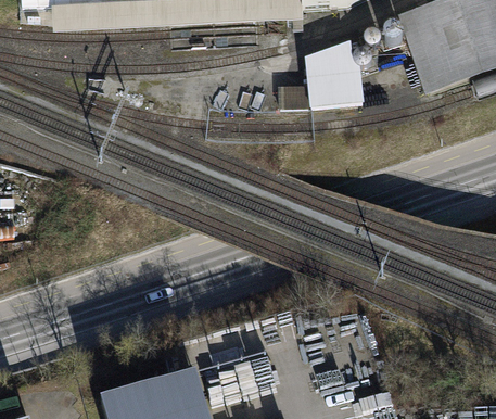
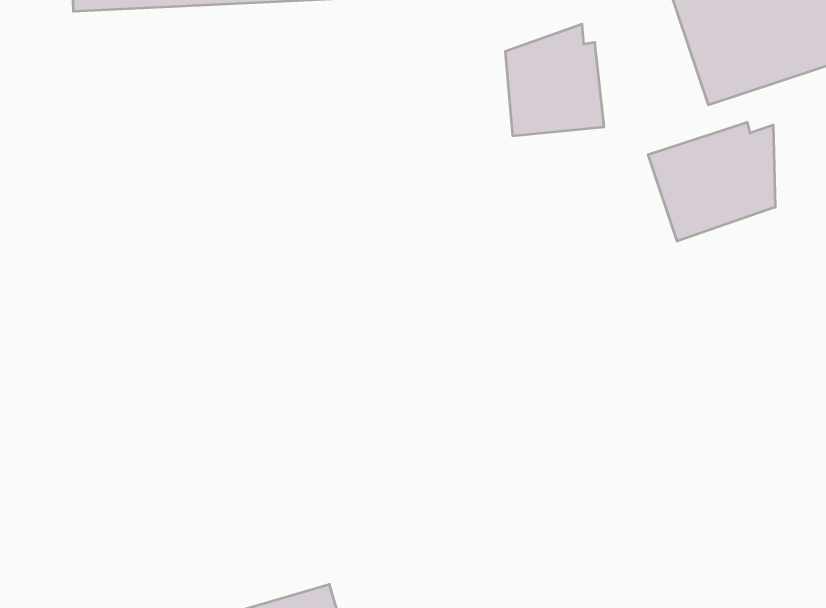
building: none -> [648,122,775,241]

